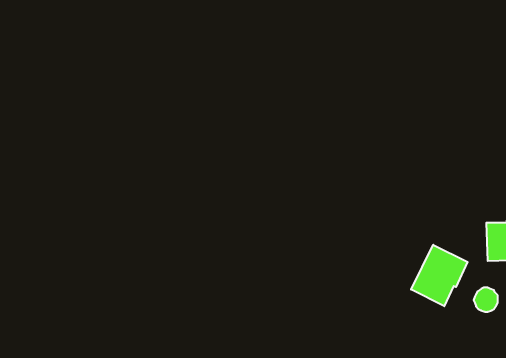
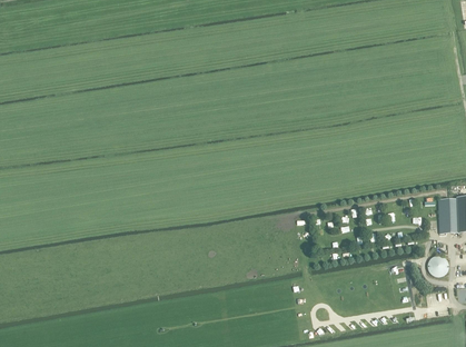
building: [411,245,468,306] -> none

